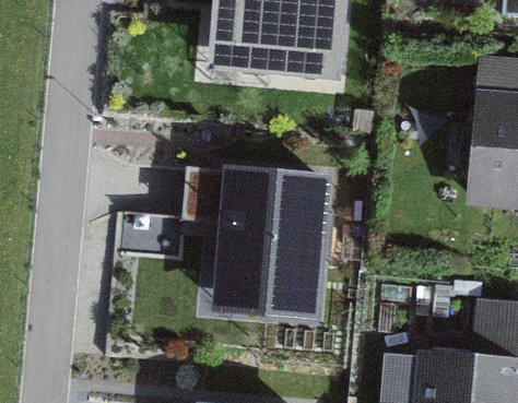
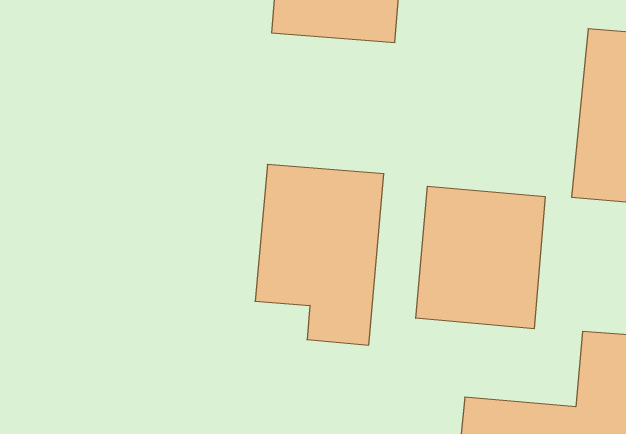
building: none -> [416,186,545,329]

